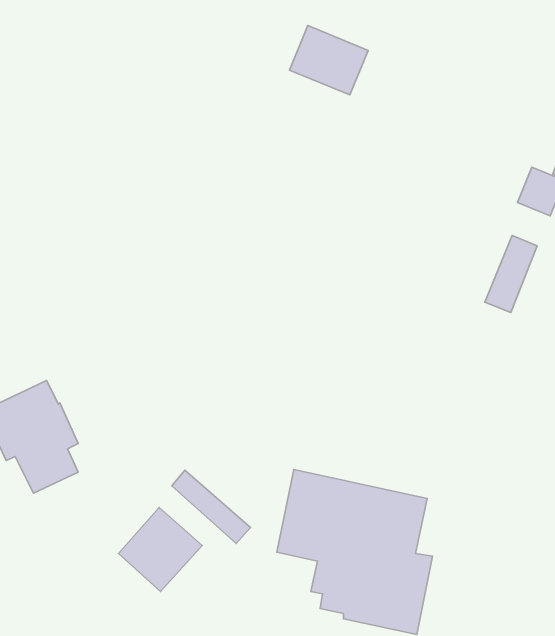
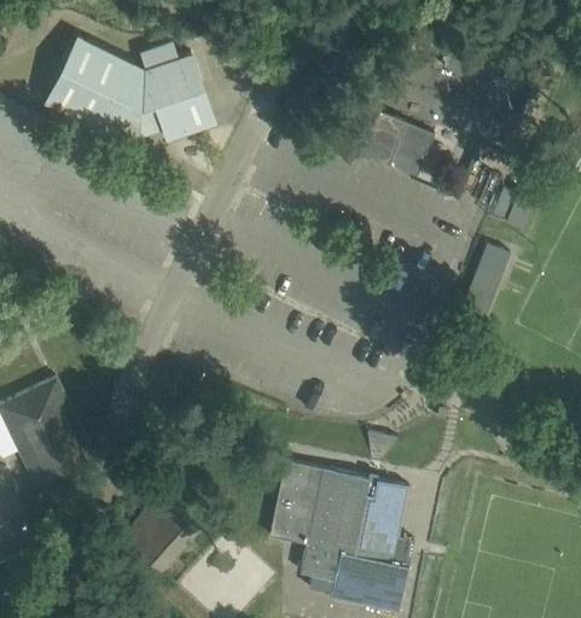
building: none -> [45,36,214,139]
building: [290,26,368,95] -> [360,111,432,175]
building: [172,470,251,544] -> none

